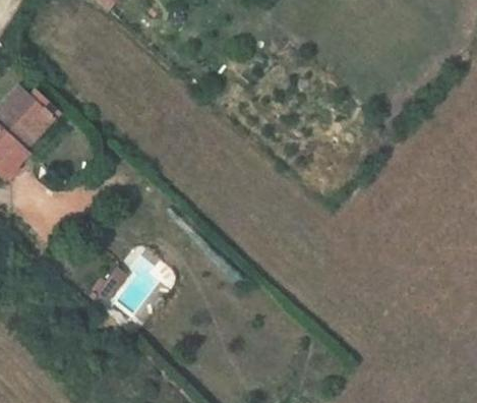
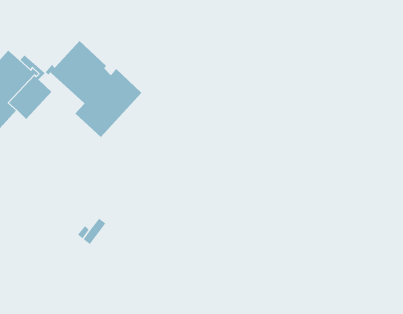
building: none -> [45,40,142,138]

